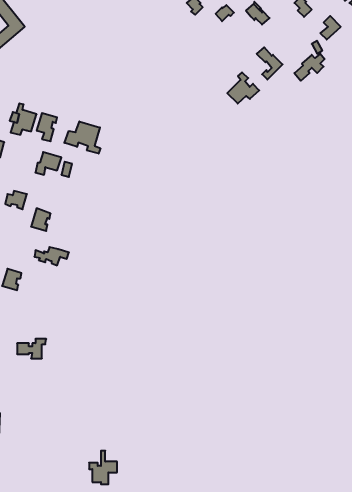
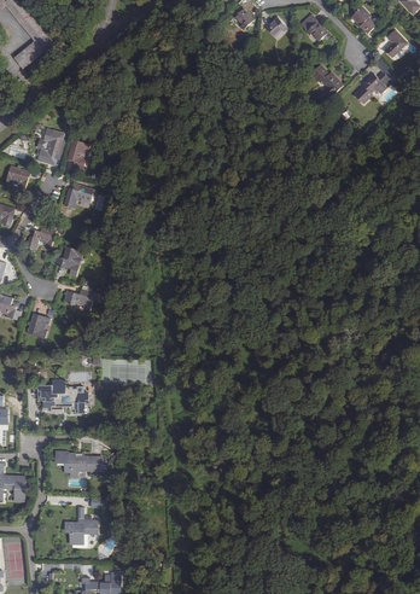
building: [227,72,259,104] -> none
building: [64,121,100,154] -> none
building: none -> [56,453,103,474]
building: [89,451,117,484] -> [65,507,97,544]

